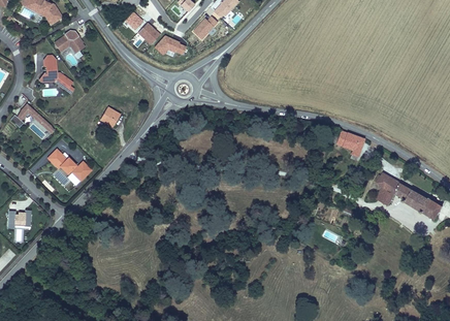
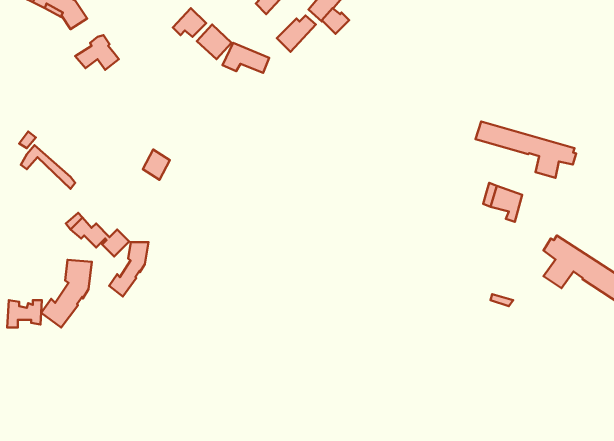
building: [41,60,73,93] -> none
building: none -> [476,122,576,178]
building: none -> [109,242,148,296]
building: none -> [41,260,92,327]

